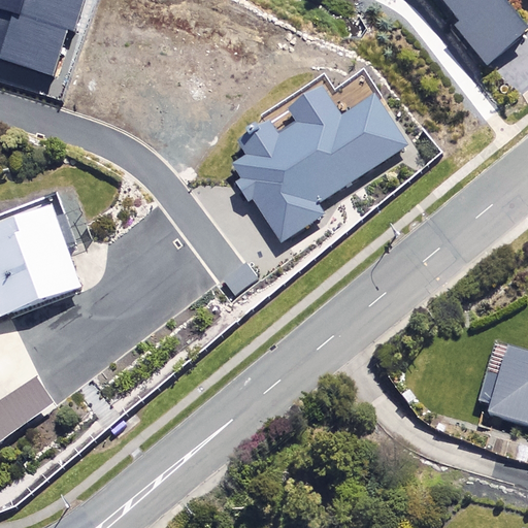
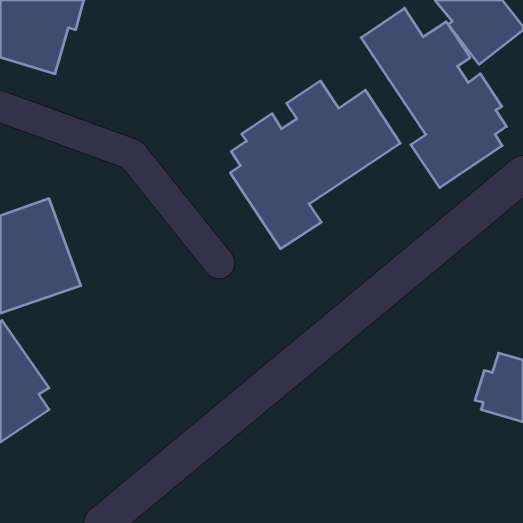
building: none -> [361,8,507,188]

